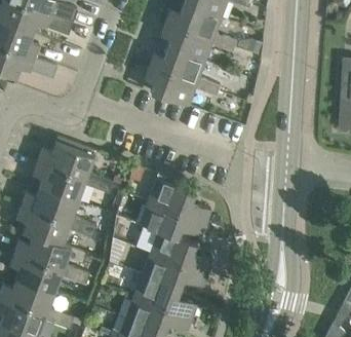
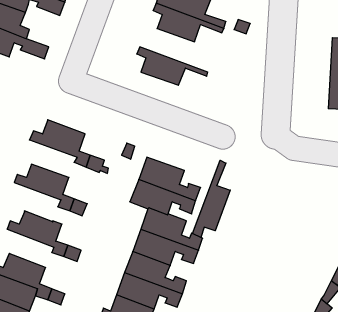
building: [148,48,220,92] -> none
building: [33,161,84,199] -> none
building: none -> [193,160,230,237]
building: [17,204,68,245] -> none
building: [10,252,61,291] -> none

